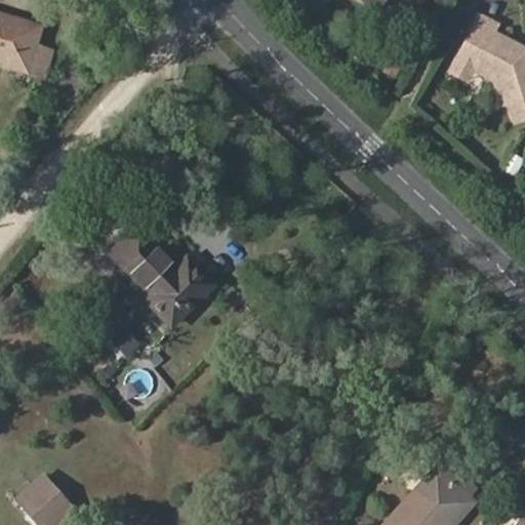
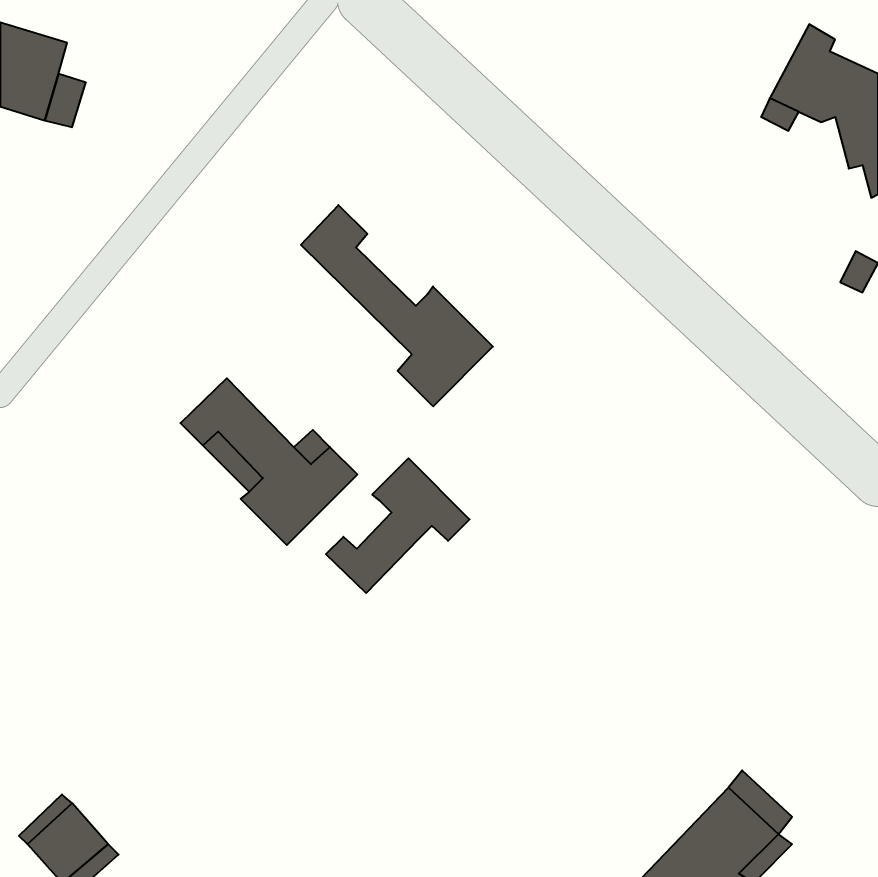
building: none -> [301,205,493,406]
building: none -> [326,458,470,593]

